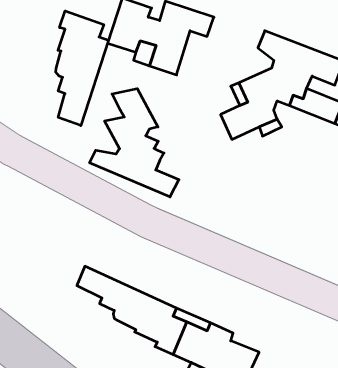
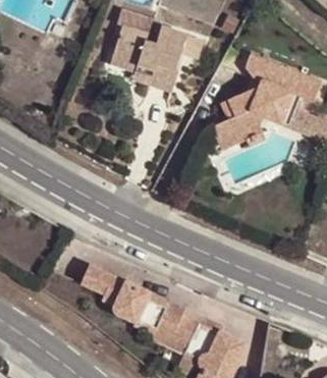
building: [56,11,109,126] -> none
building: [90,89,179,197] -> none

